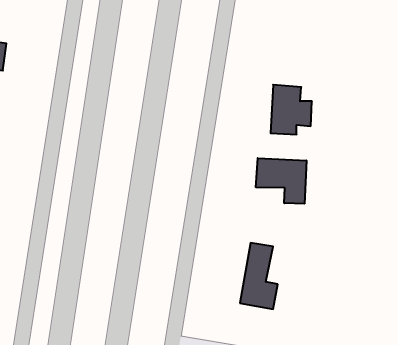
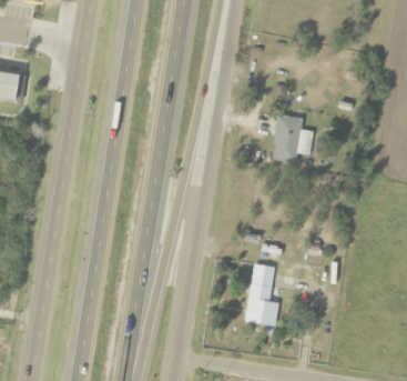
building: [256,158,306,204] -> none

